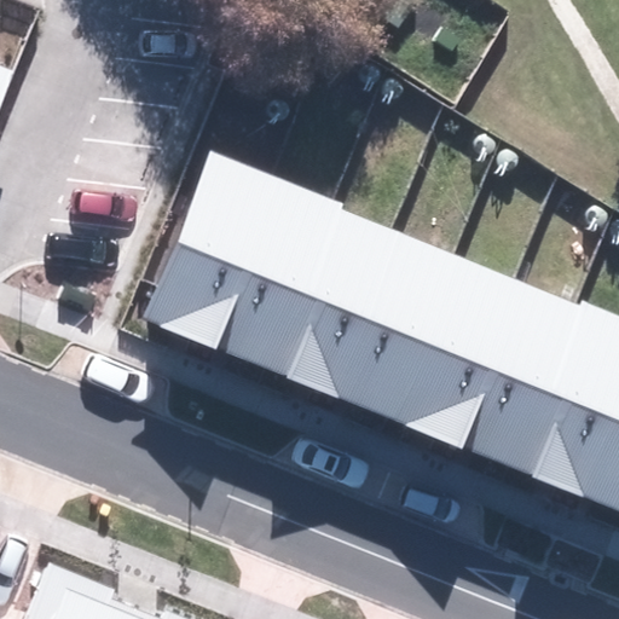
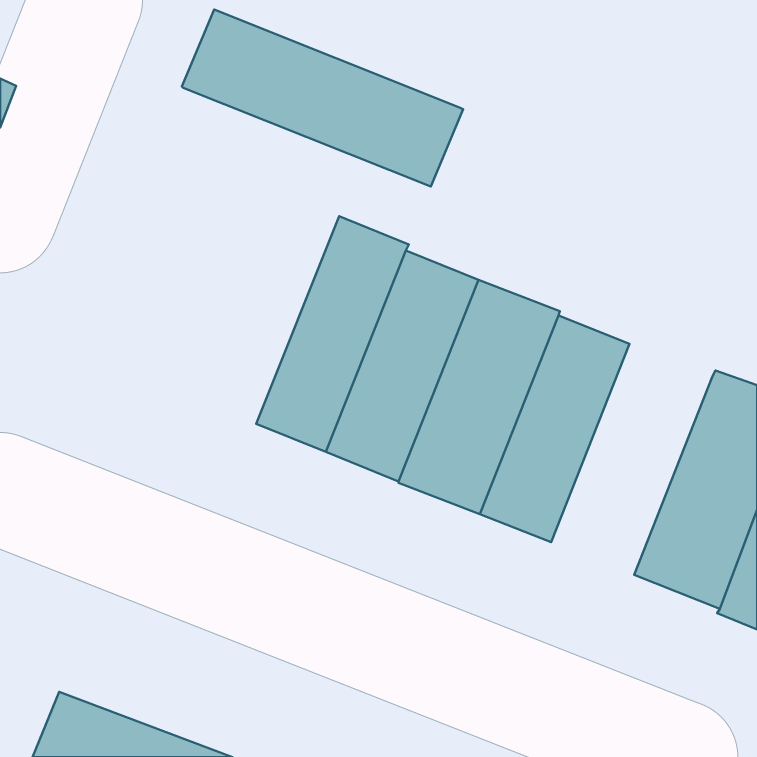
building: none -> [182,9,463,186]
building: [145,151,277,346] -> none
building: [450,280,582,469] -> none

